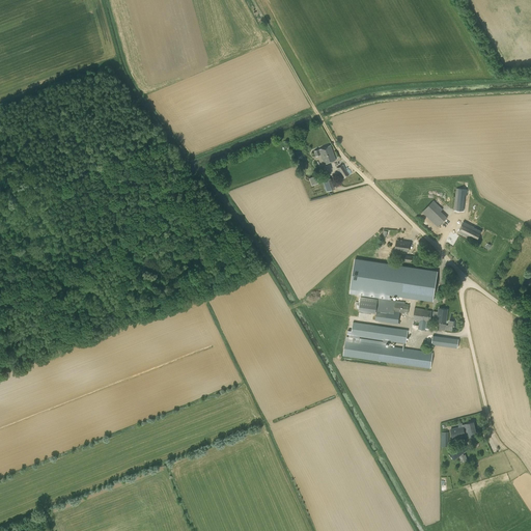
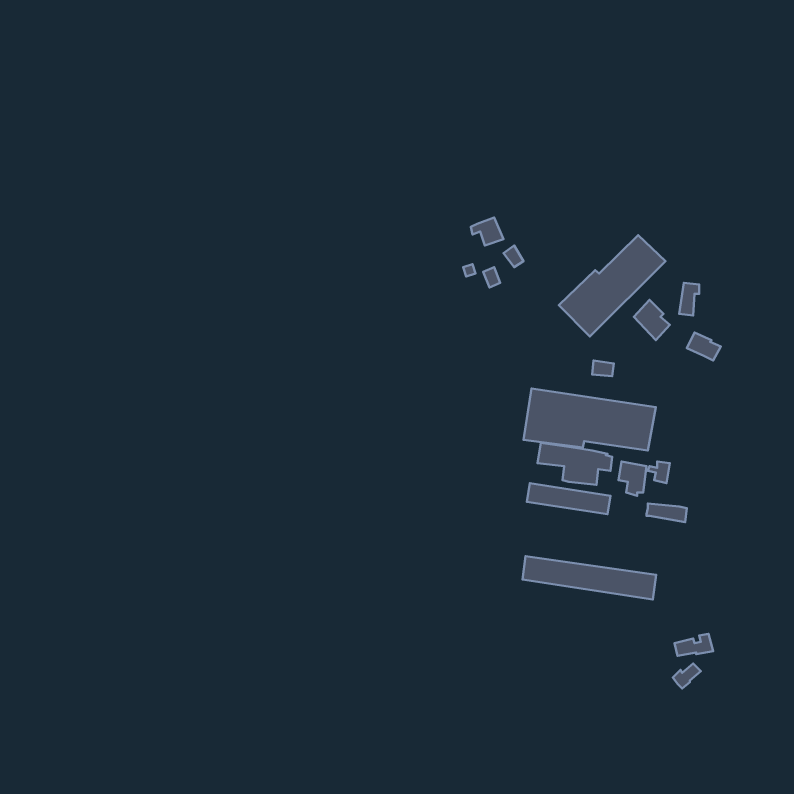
building: none -> [559,235,665,336]
building: [343,340,432,369] -> [522,556,656,600]

